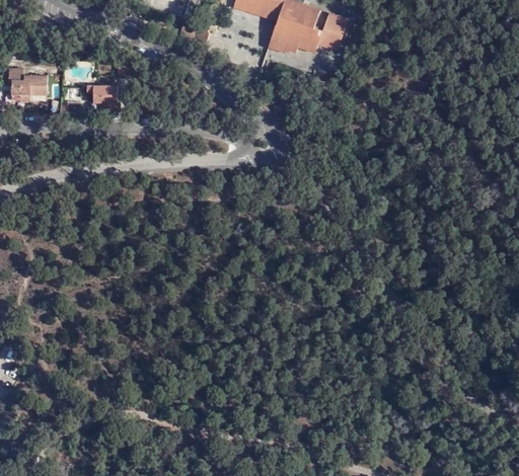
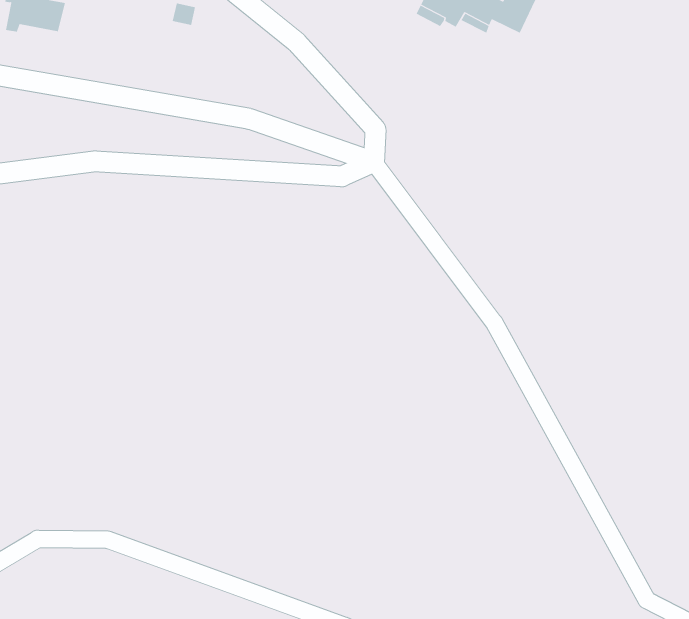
building: [83,82,117,101] -> none

